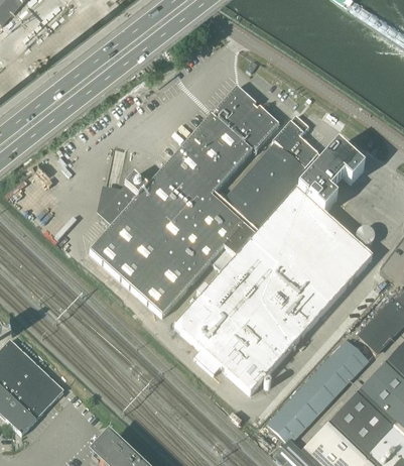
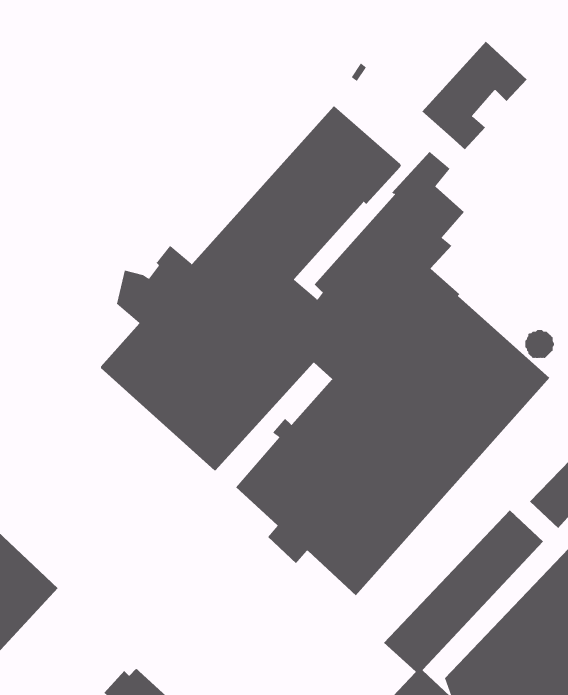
building: [298,143,365,212] -> [421,41,527,150]

